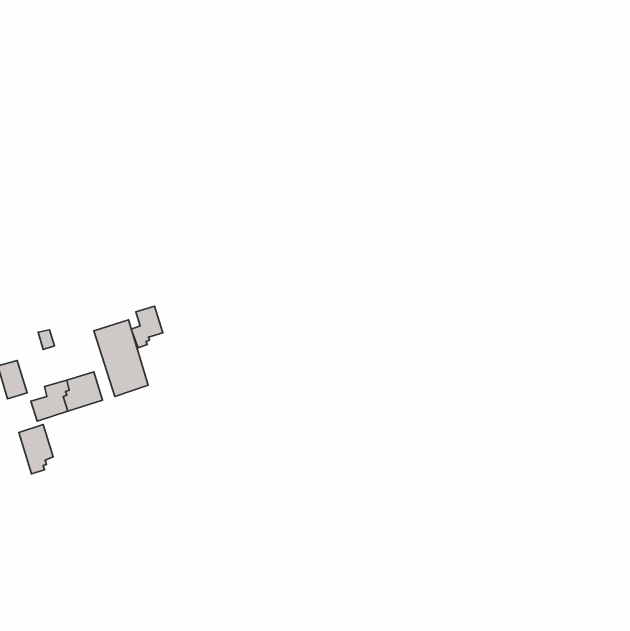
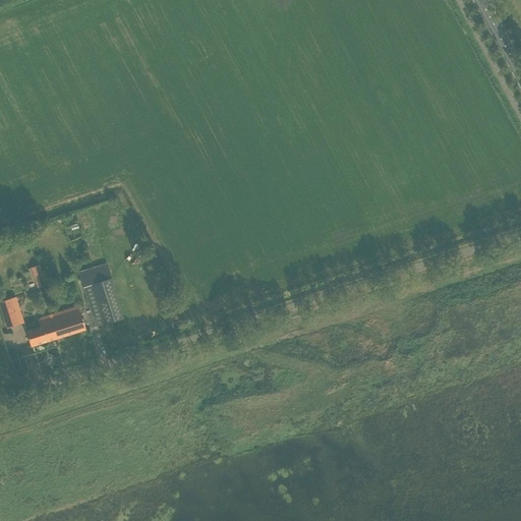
building: [131,306,163,348] -> none
building: [19,424,53,474] -> none

